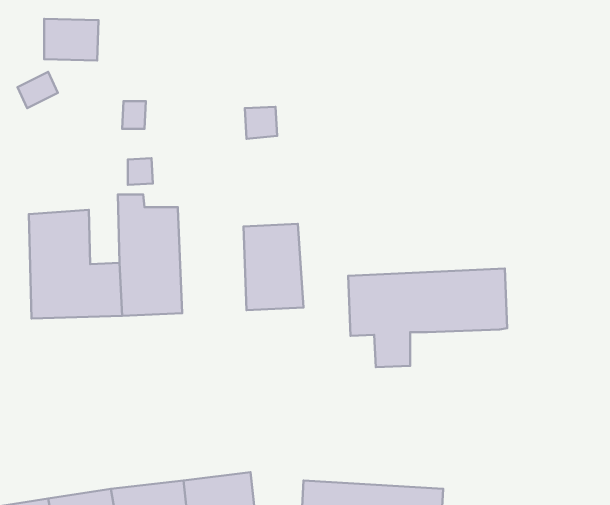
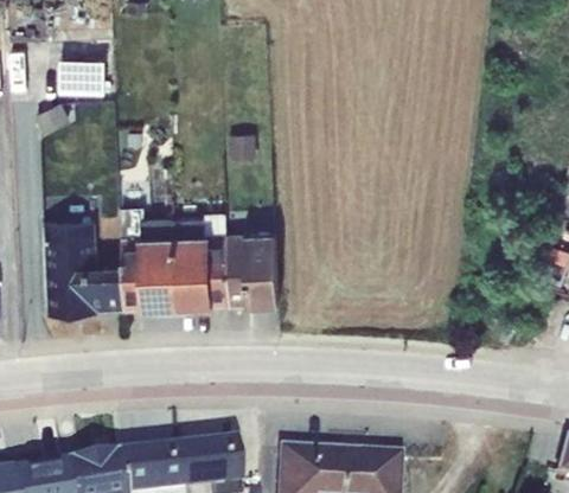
building: none -> [171,205,229,301]
building: [348,268,507,367] -> none

